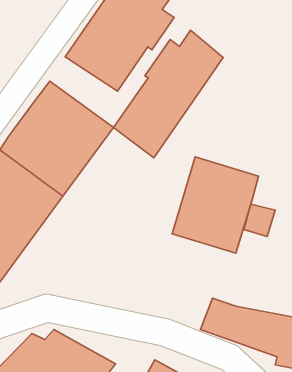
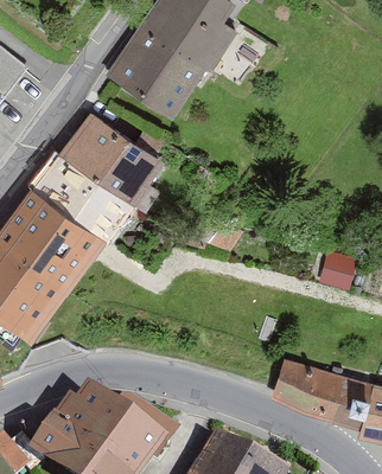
building: [114,30,223,158] -> none
building: [172,157,259,253] -> none

